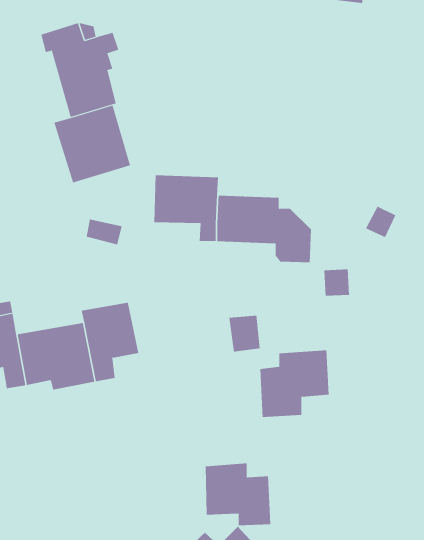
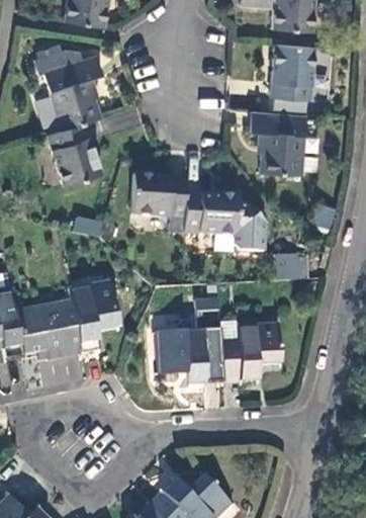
building: none -> [268,40,314,99]
building: none -> [250,107,307,173]
building: [205,463,271,526] -> [167,329,223,382]

